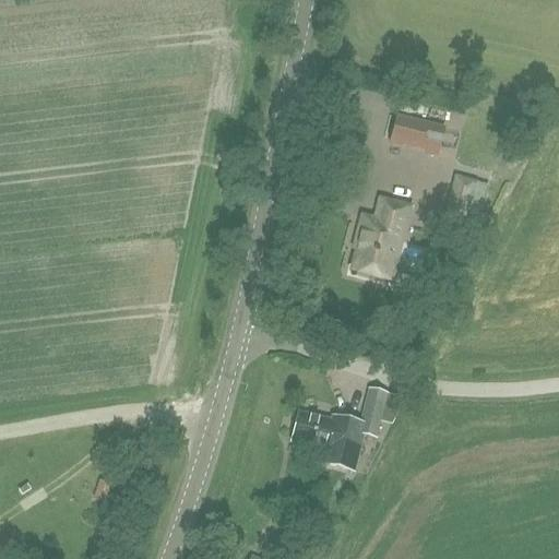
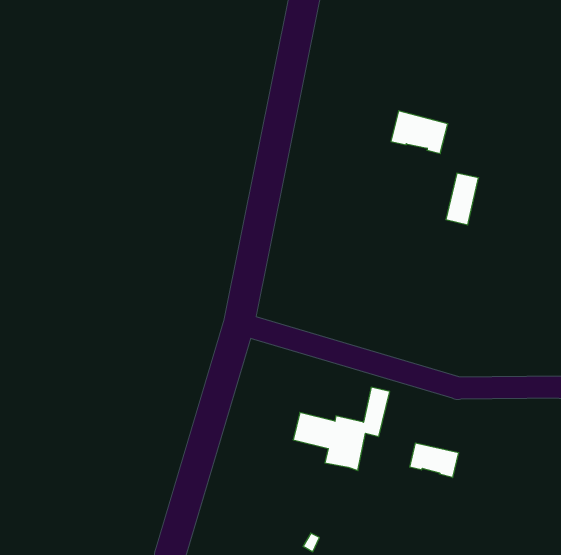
building: [354,198,409,277] -> none
building: none -> [410,443,459,478]

